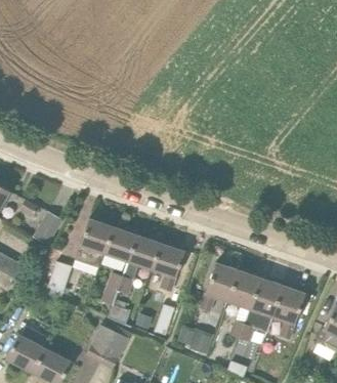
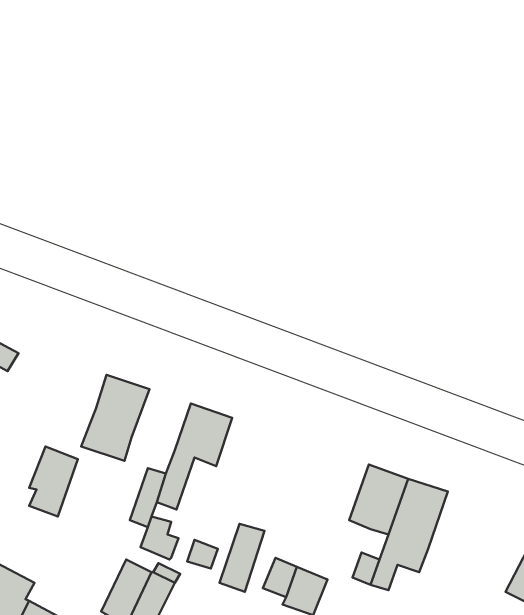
building: [33,210,65,246] -> none
building: [103,226,137,261] -> none
building: [152,243,185,292] -> none
building: [199,262,239,313] -> none
building: [272,285,305,340] -> none

